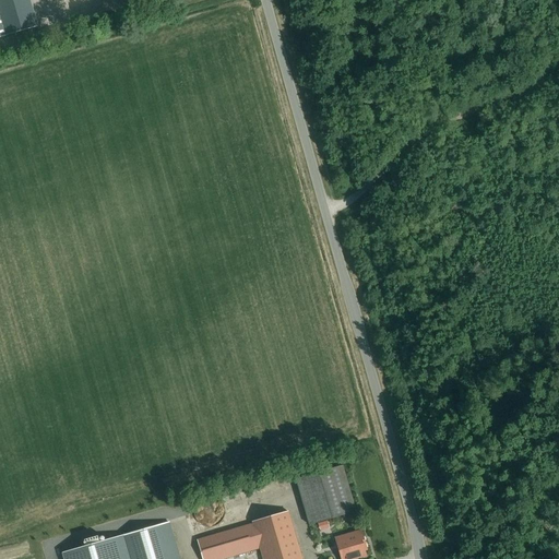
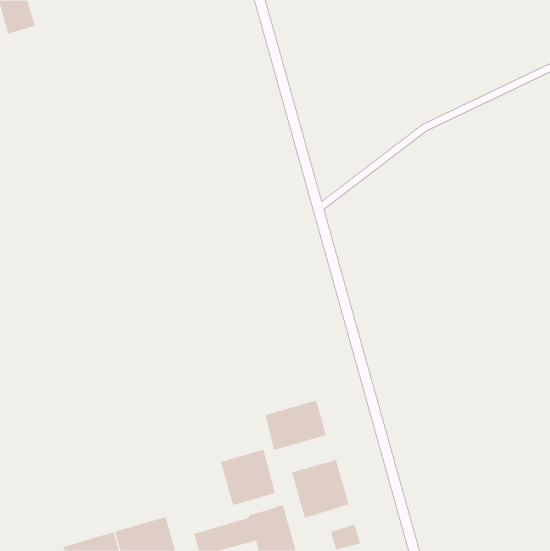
building: none -> [265,400,327,451]
building: none -> [220,449,276,506]

